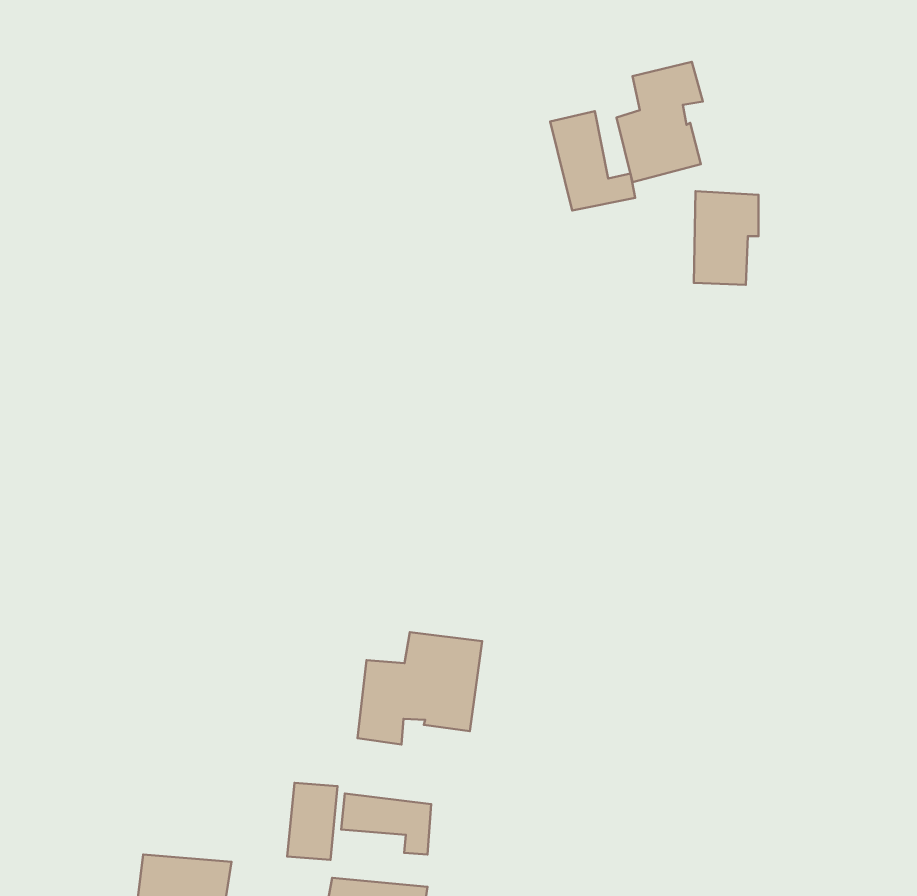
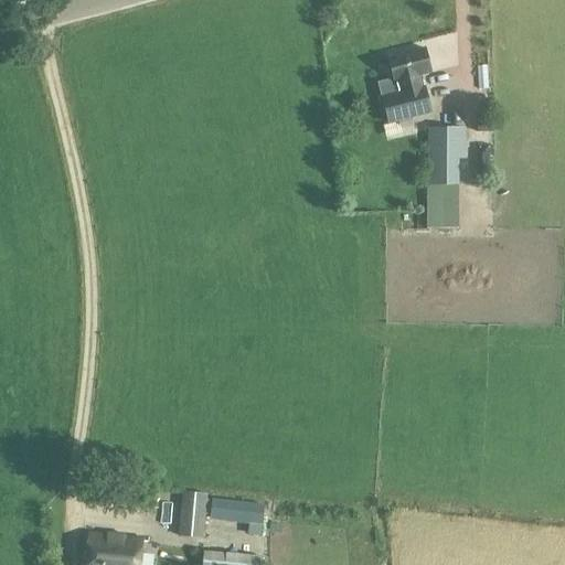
building: [550,111,635,211] -> none
building: none -> [426,184,458,227]
building: [357,632,482,745] -> none

